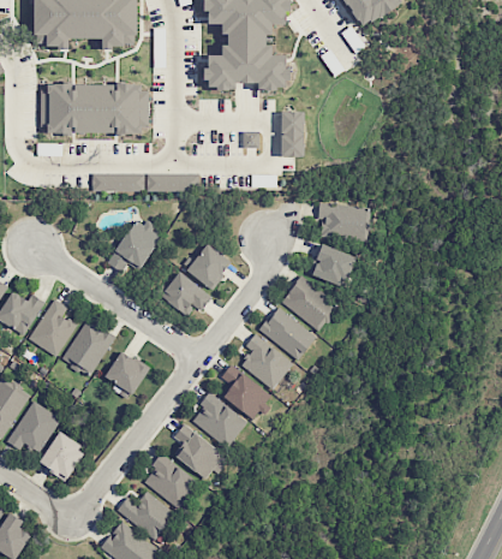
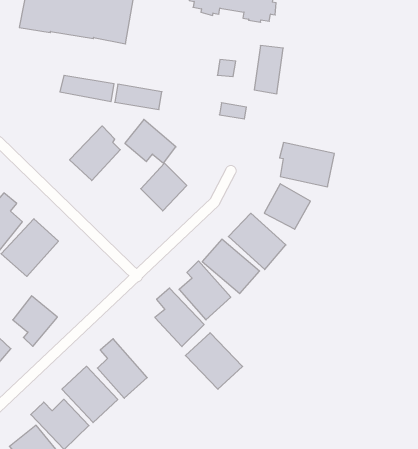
building: [161,272,211,313] -> [125,119,176,163]
building: [104,351,148,400] -> [13,296,57,346]
building: [190,393,247,447] -> [185,333,243,389]

